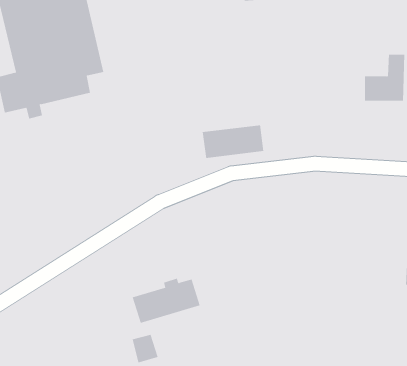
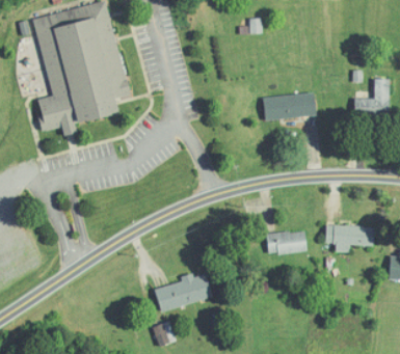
building: [202,125,264,158] -> [262,92,316,121]
building: none -> [325,224,374,252]
building: none -> [266,232,305,254]

